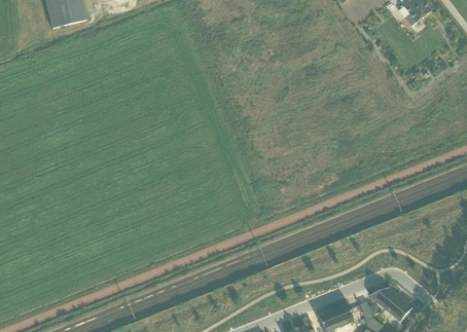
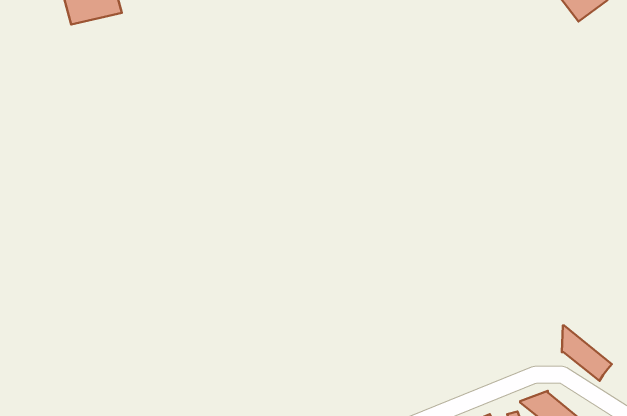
building: none -> [562,326,612,381]

